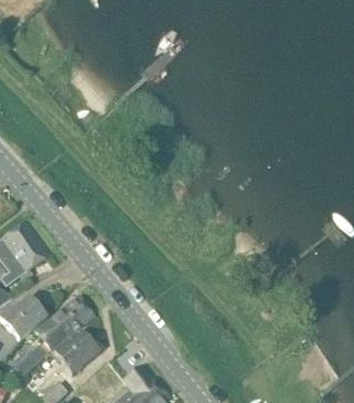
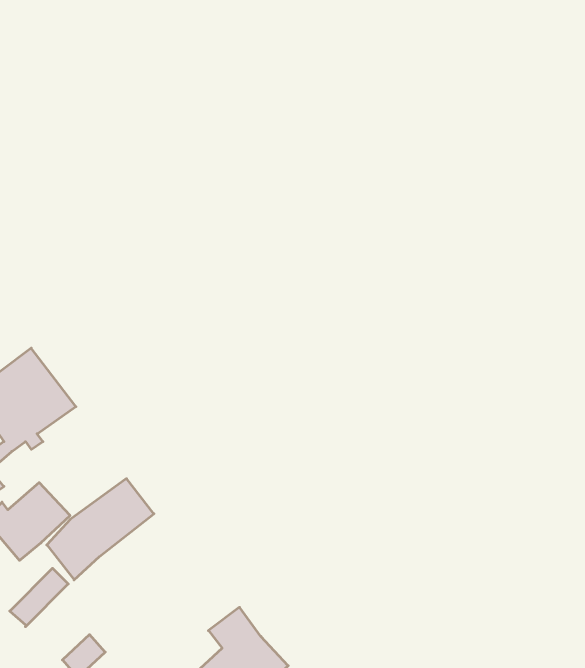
building: [54,327,100,372] -> none

